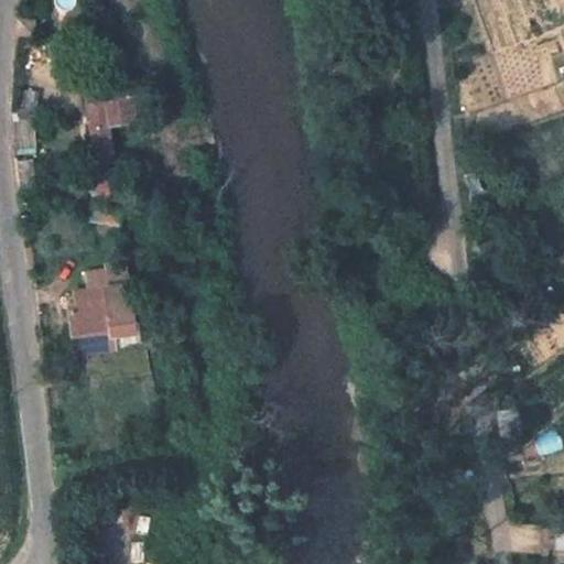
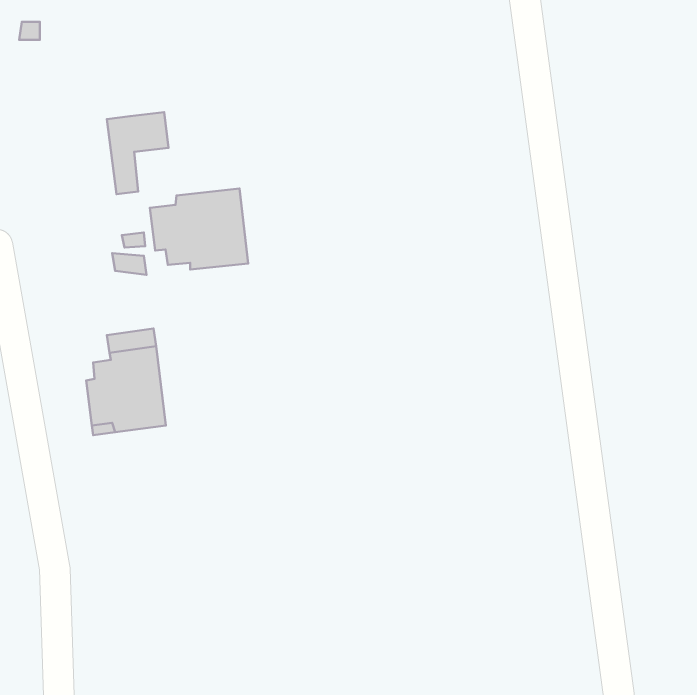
building: none -> [150,189,248,269]

